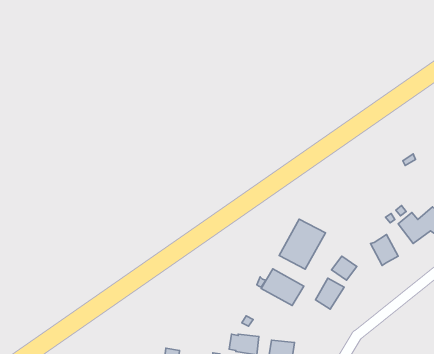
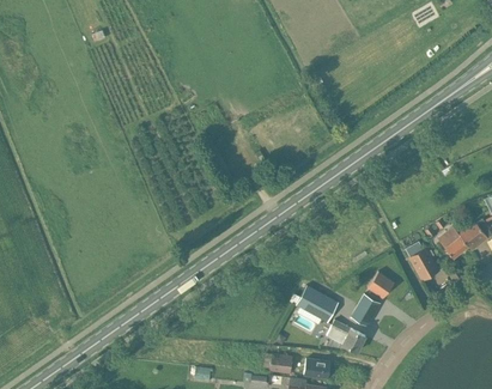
building: [279,219,325,269] -> none
building: none -> [327,320,366,351]

